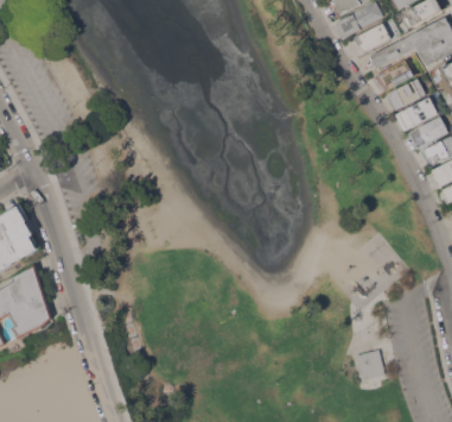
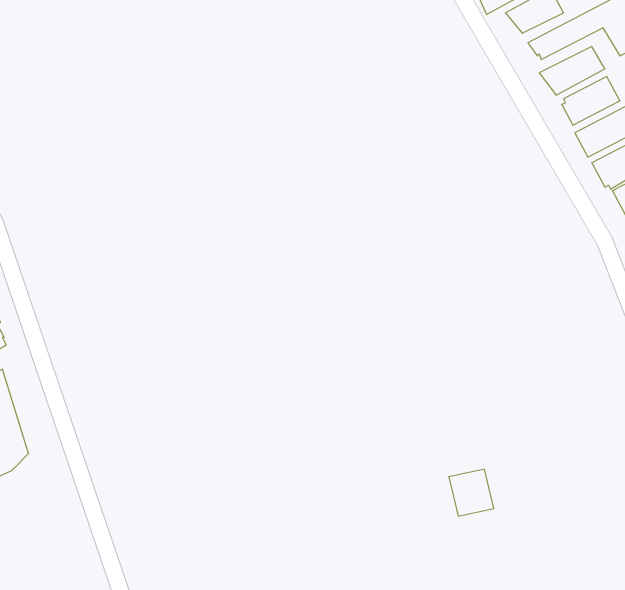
building: [355,349,383,379] -> [449,469,494,516]

